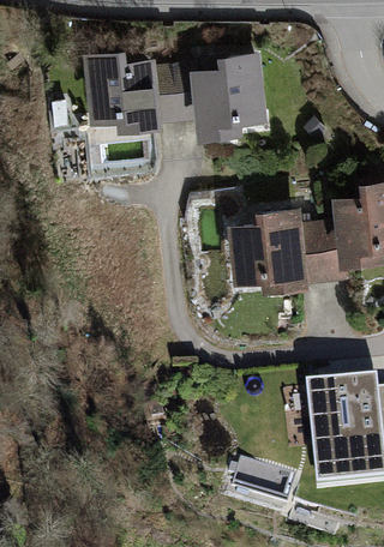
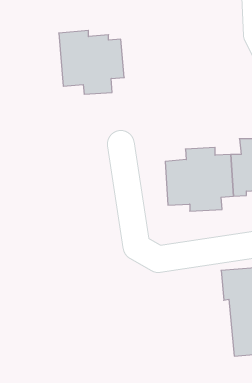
building: [169,49,264,138] -> none

